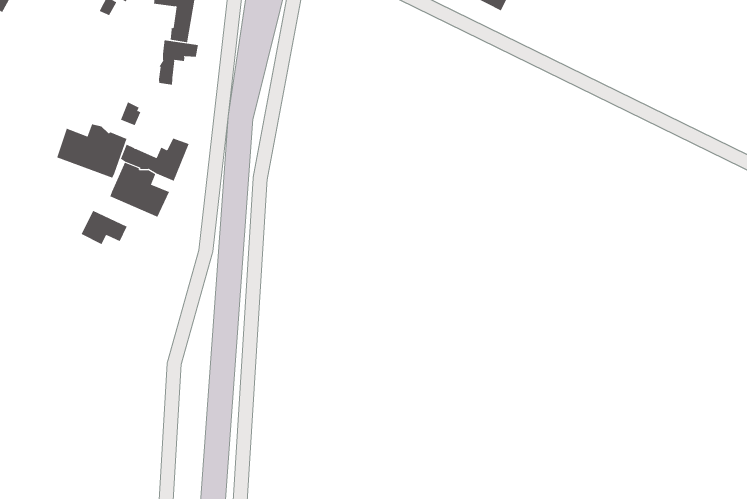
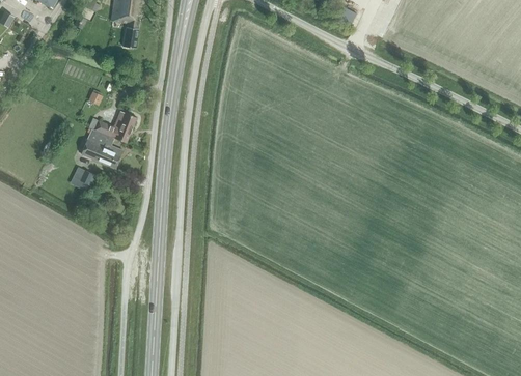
building: [158,39,198,85] -> none
building: [56,124,127,178] -> none

